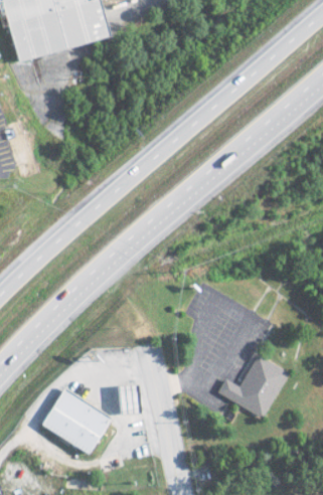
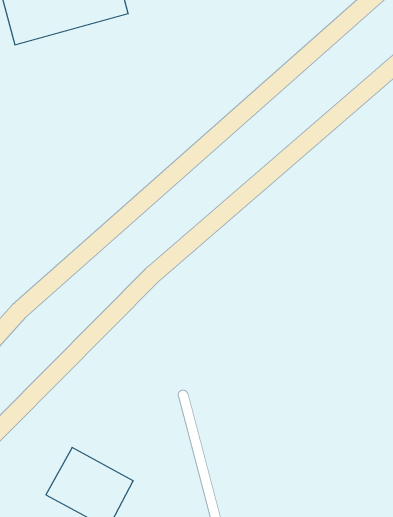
building: [219,355,290,418] -> none

